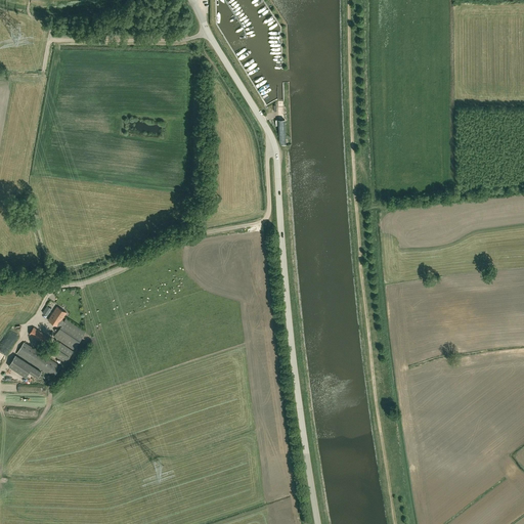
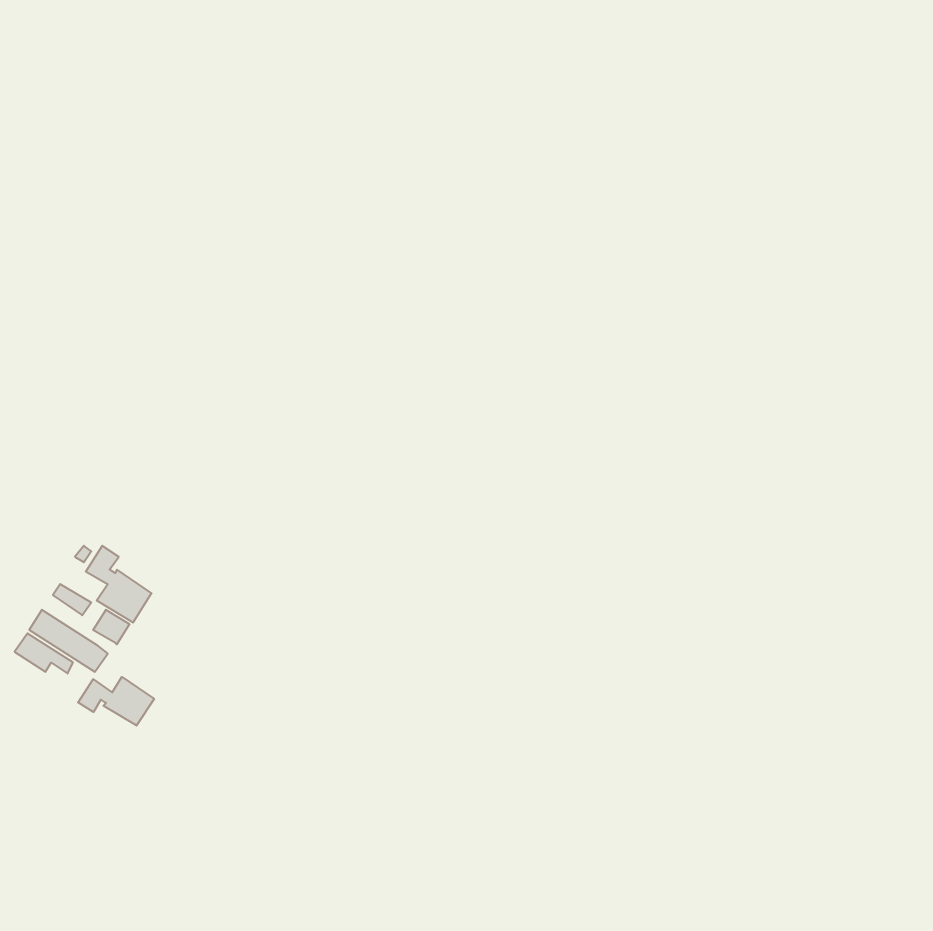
building: none -> [78,677,154,726]

